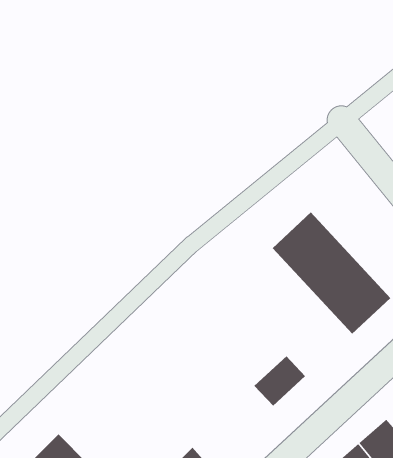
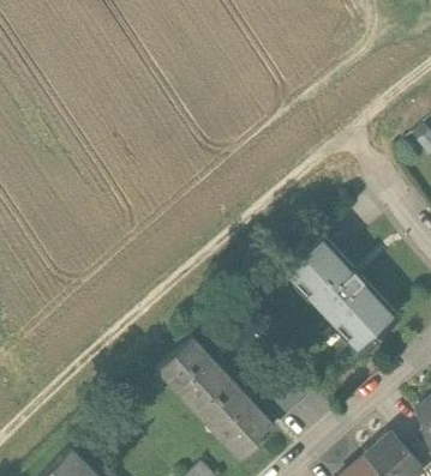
building: none -> [161,337,274,457]

